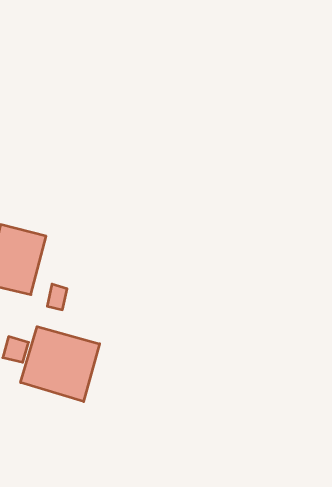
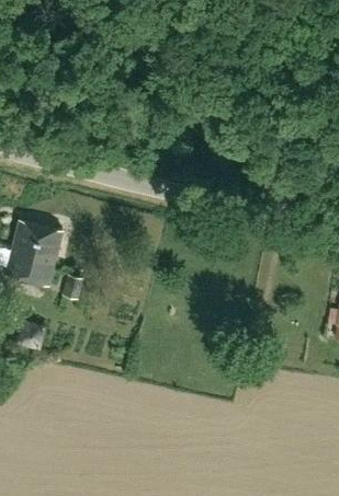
building: [21,327,100,402] -> none

